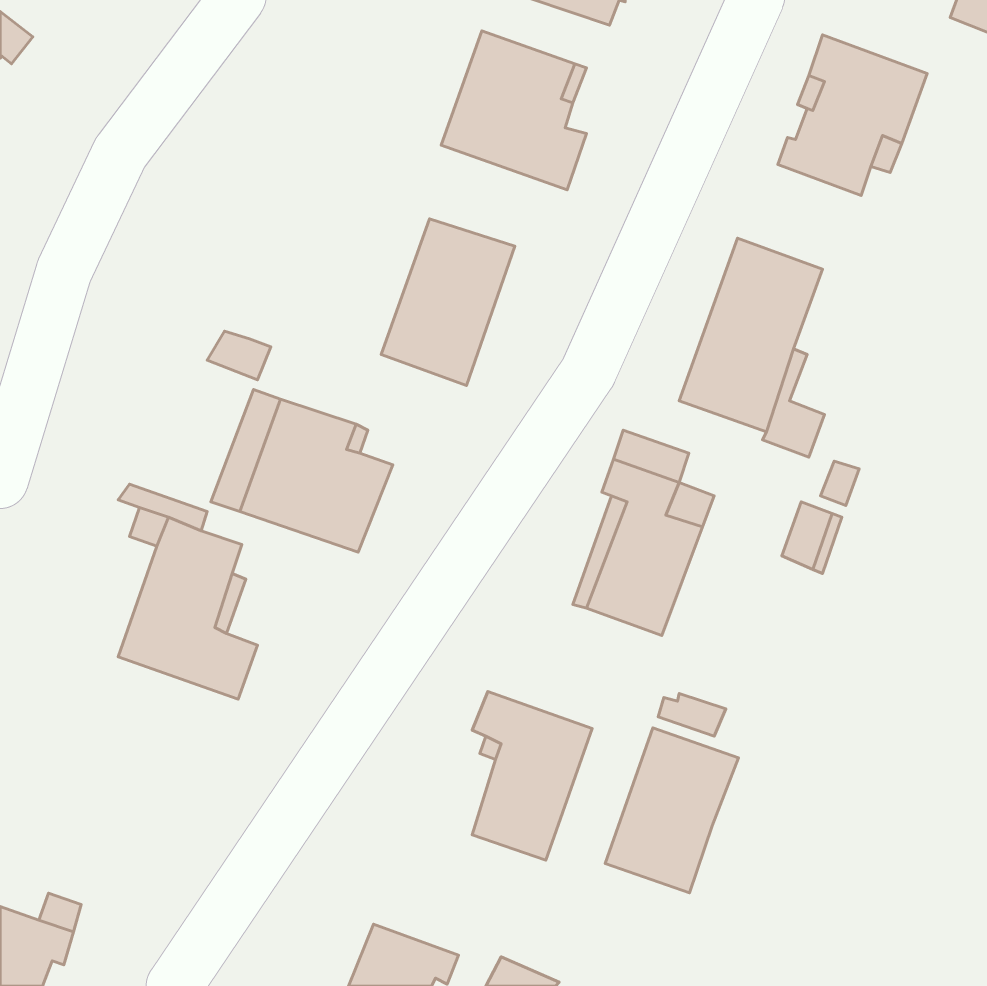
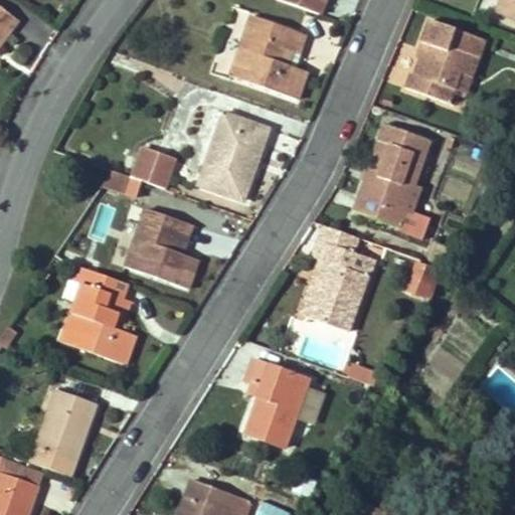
building: none -> [131,147,175,188]
building: [605,728,738,893] -> none
building: none -> [30,389,97,475]

